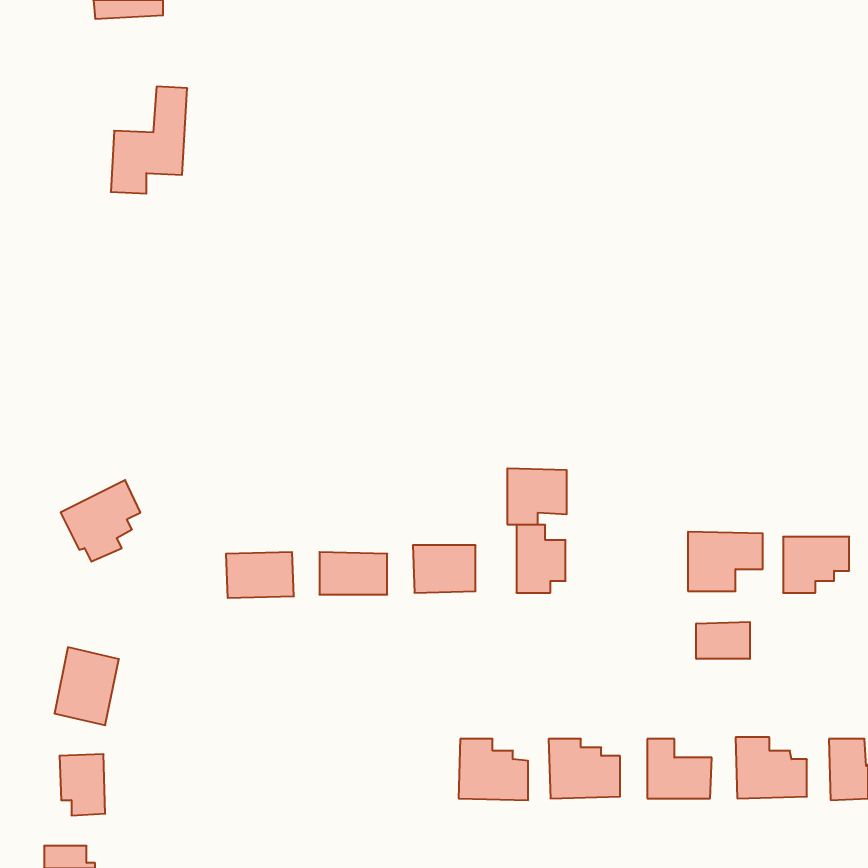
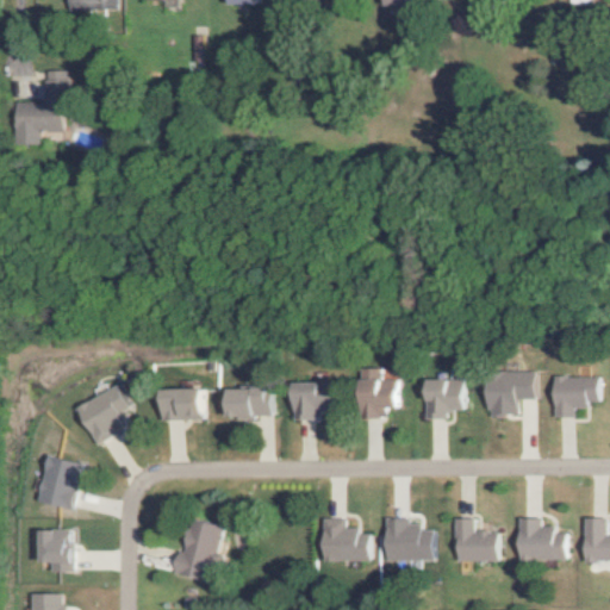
building: [111,87,187,194] -> [10,69,63,144]
building: [507,468,567,524] -> [422,379,463,418]
building: [61,480,140,562] -> [74,385,130,442]
building: [696,622,750,659] -> none
building: none -> [176,518,224,581]

